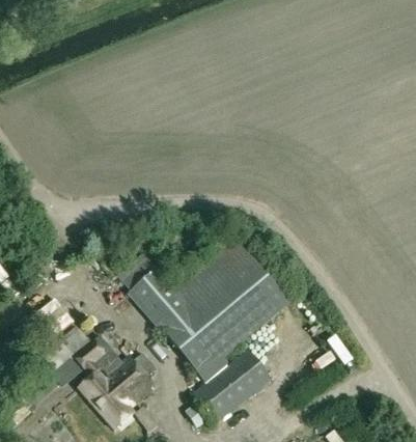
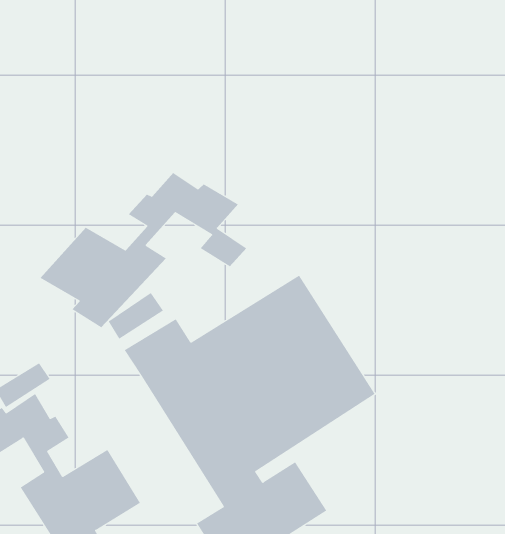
building: none -> [39,172,247,328]

